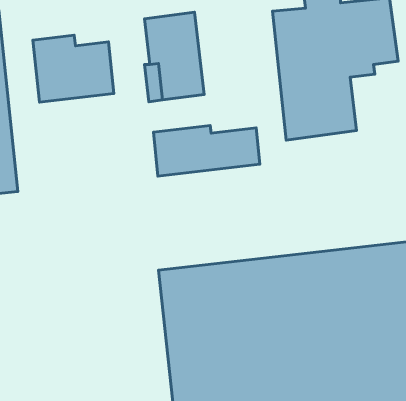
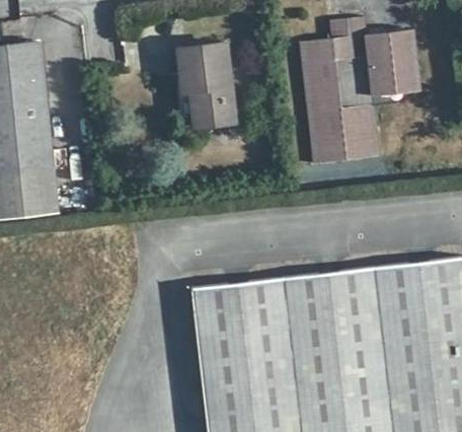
building: [33,35,114,102] -> none
building: [153,126,260,176] -> none

